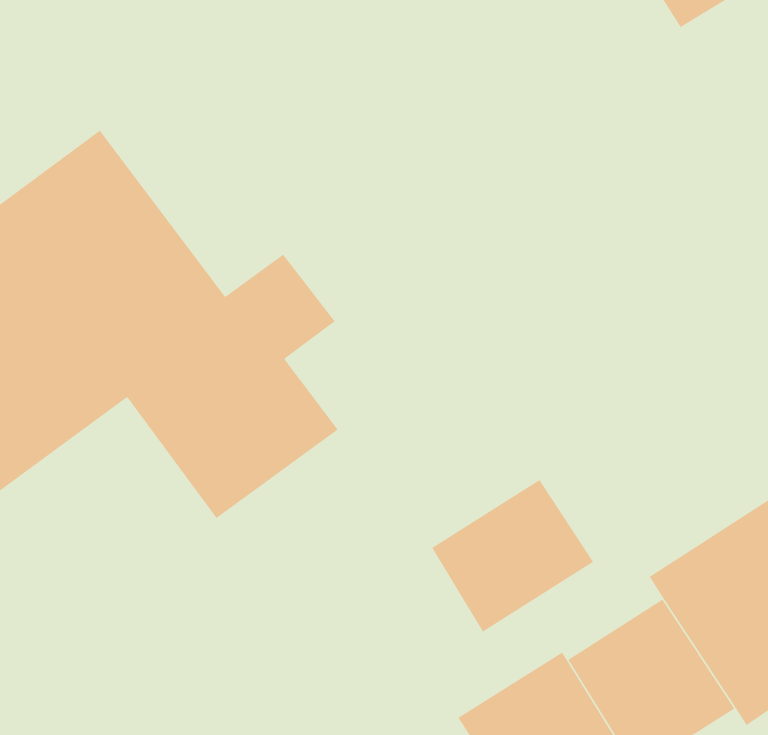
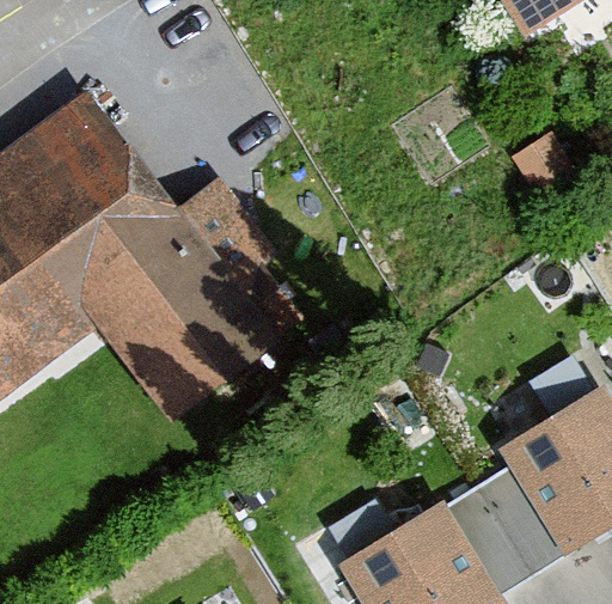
building: [432,479,594,633] -> none

